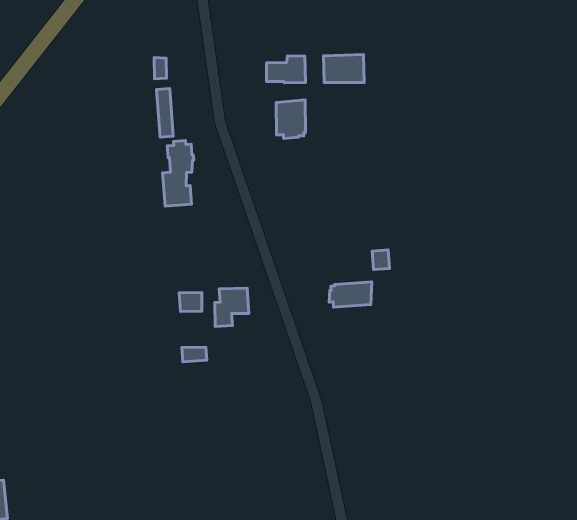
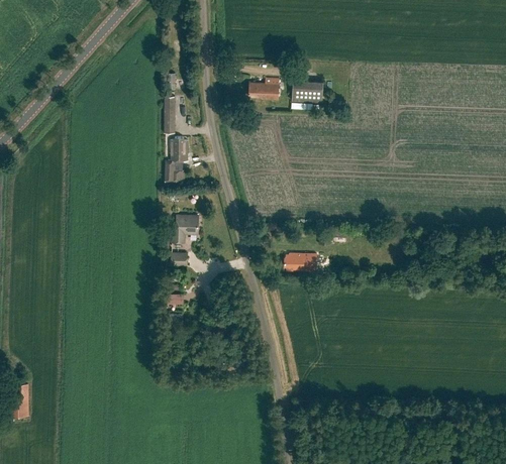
building: [276,100,305,138] -> none
building: [215,288,249,327] -> [172,215,198,243]

